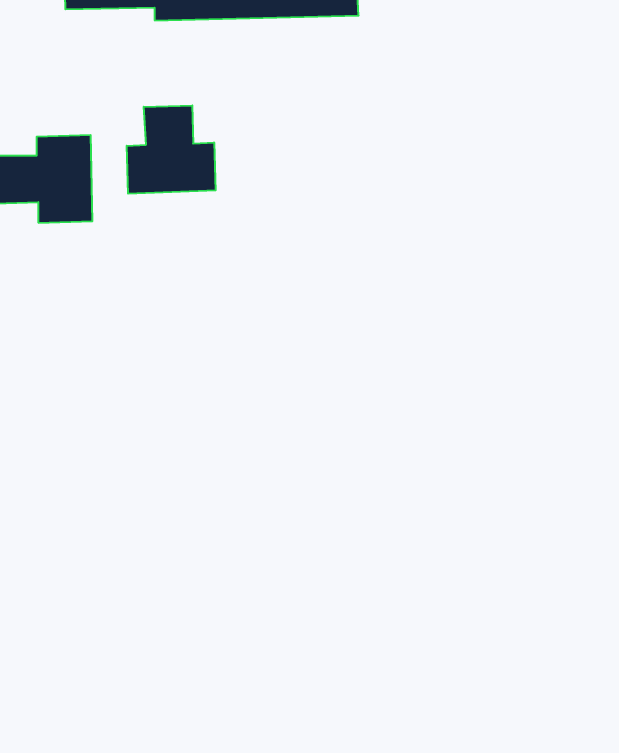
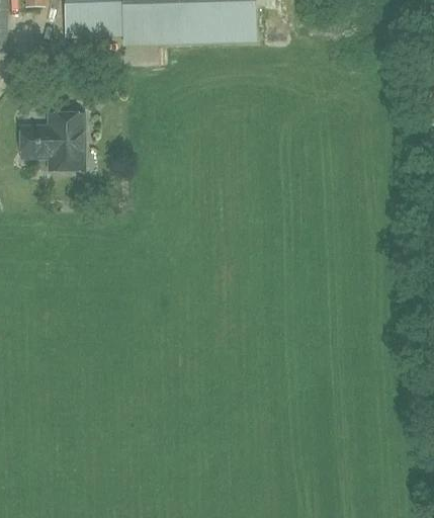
building: [127,105,216,194] -> none

